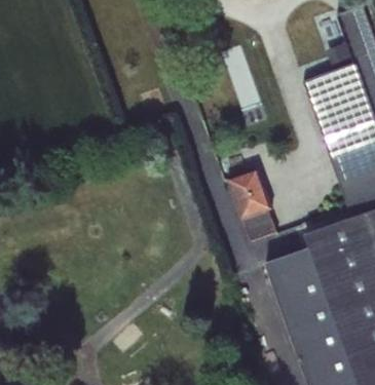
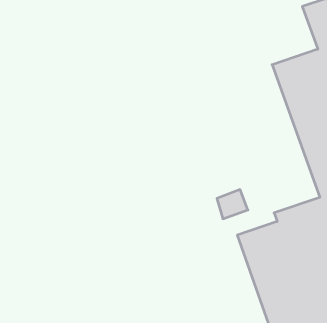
building: [228,169,273,220] -> none

